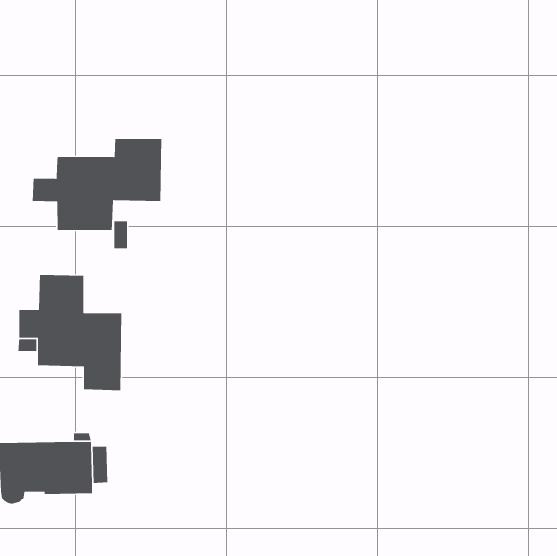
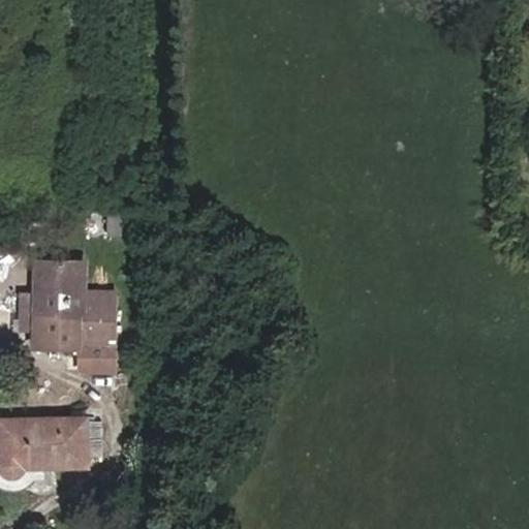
building: [32,138,162,231] -> none

